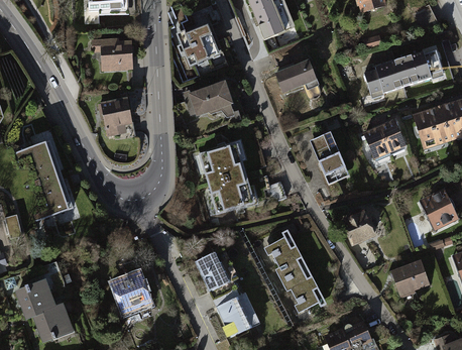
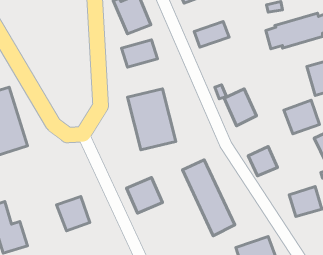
building: [103,38,131,69] -> none
building: [103,100,132,131] -> none
building: [363,119,407,159] -> [284,100,320,134]
building: [215,291,258,337] -> none

